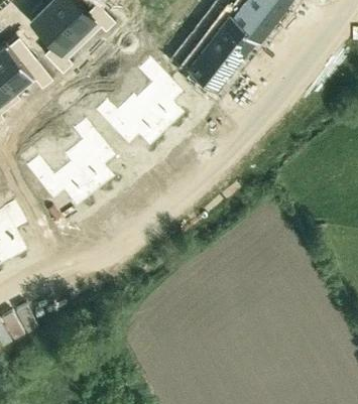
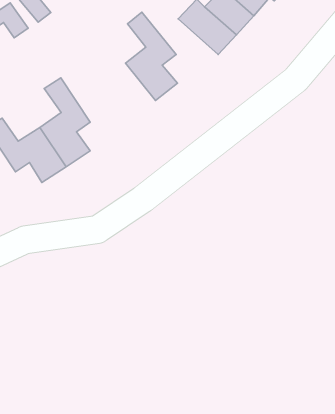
building: [92,96,164,144] -> none

